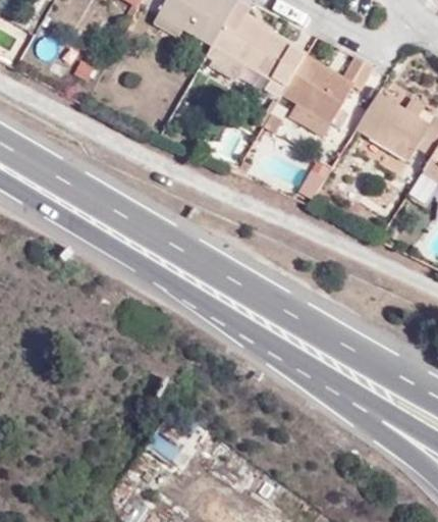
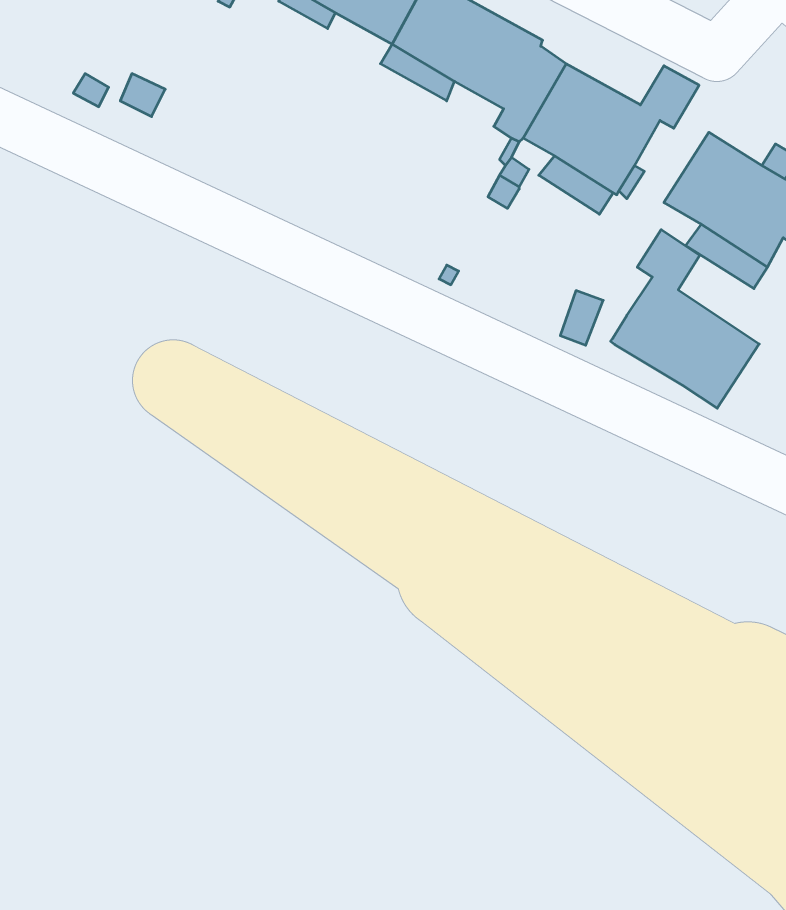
building: none -> [611,230,759,408]

